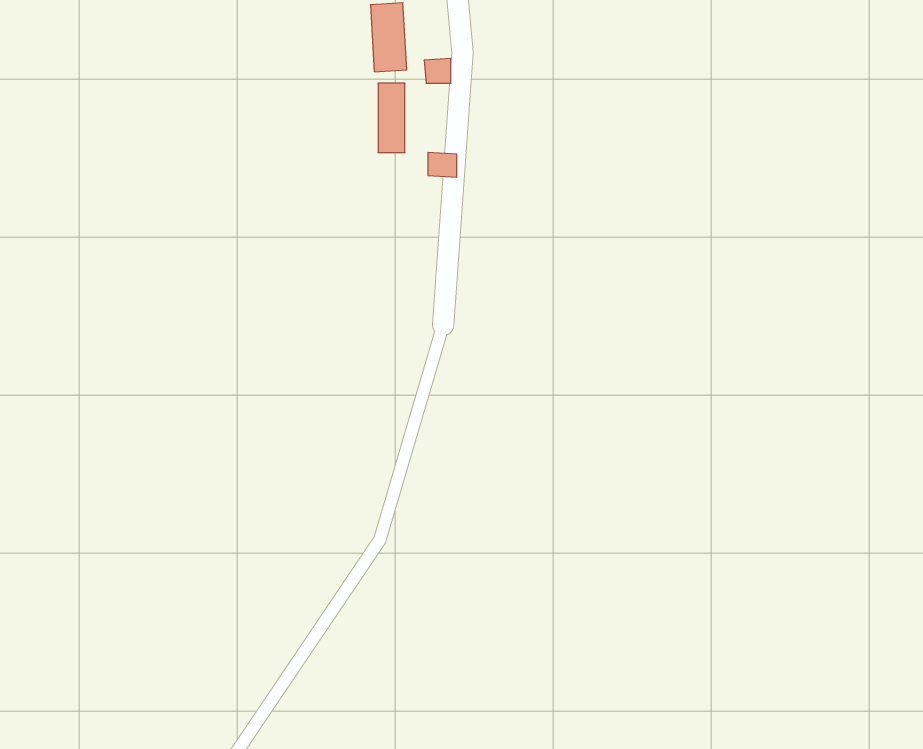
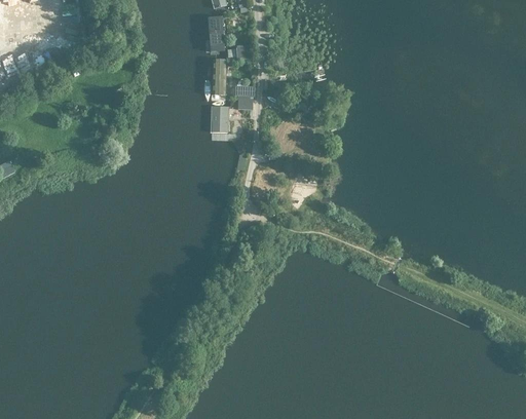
building: none -> [209,104,228,131]

